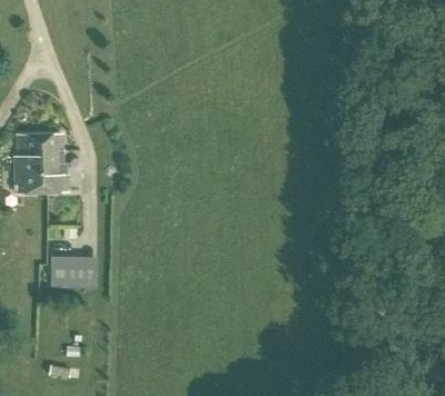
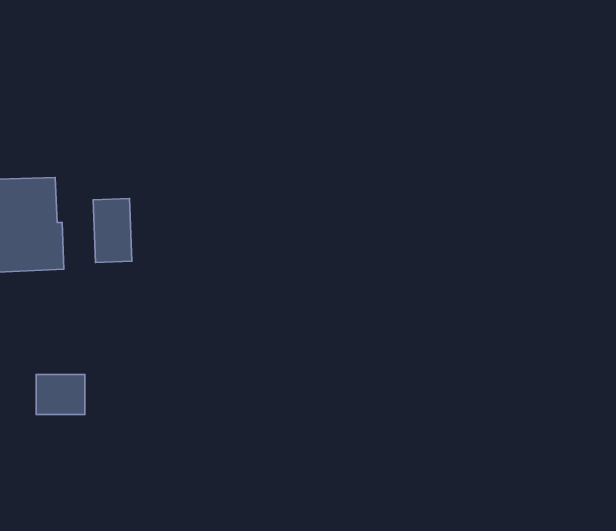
building: none -> [93,198,132,263]

